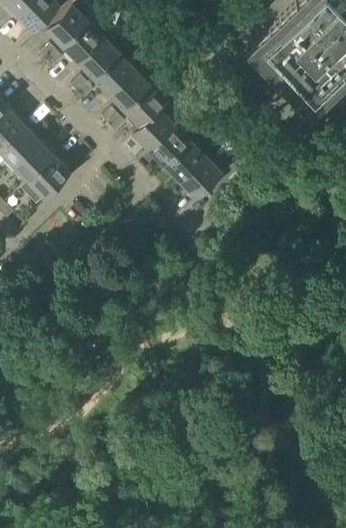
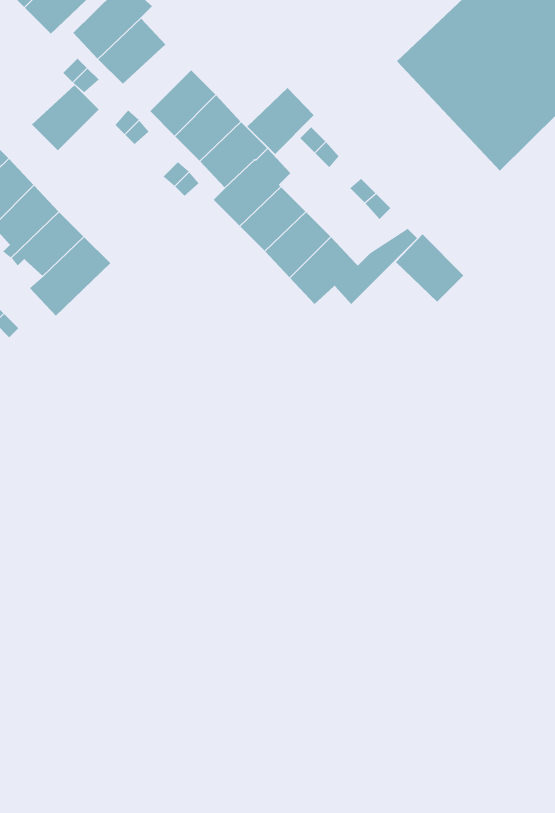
building: [76,37,118,78] -> [31,85,100,151]
building: none -> [246,87,314,155]
building: none -> [395,233,464,303]

